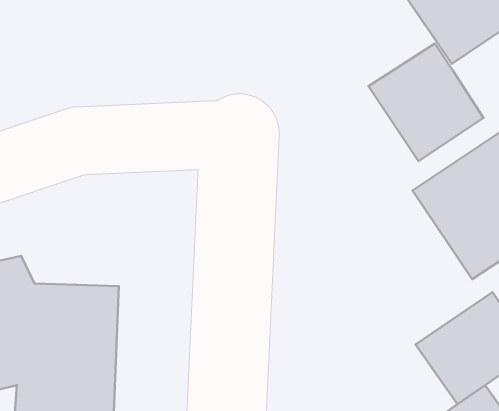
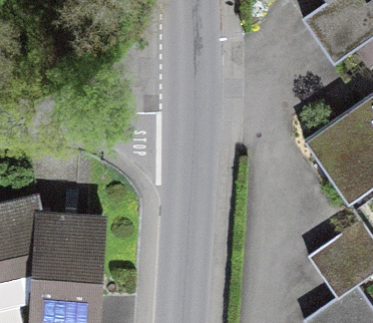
building: [368,44,483,161] -> none

